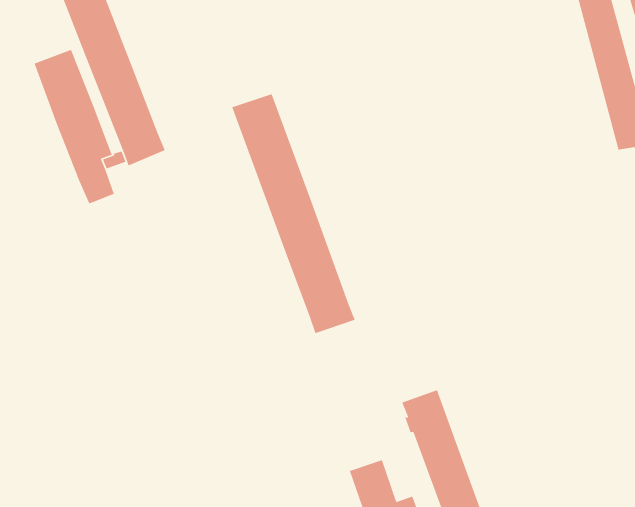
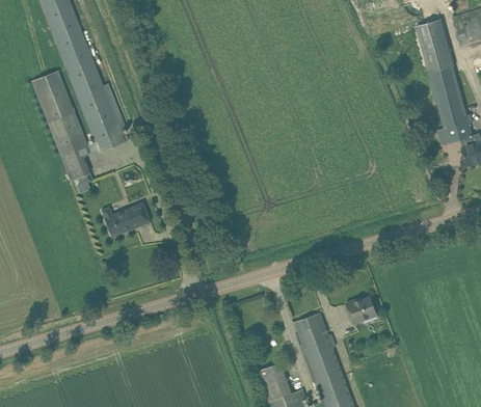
building: [231,93,356,334] -> none
building: none -> [100,202,150,236]
building: none -> [347,297,376,324]

